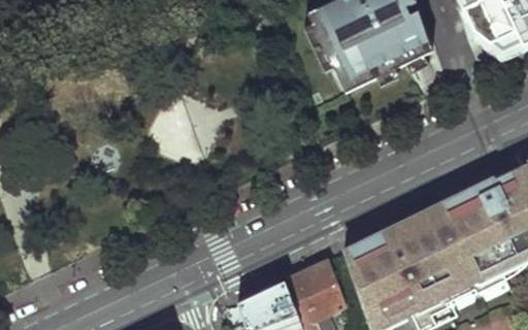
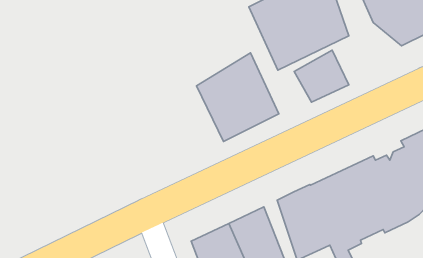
building: none -> [294,50,349,102]
building: none -> [197,53,279,142]

